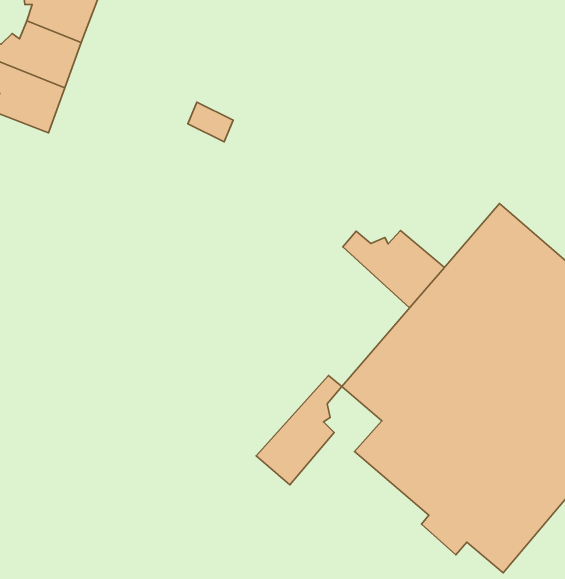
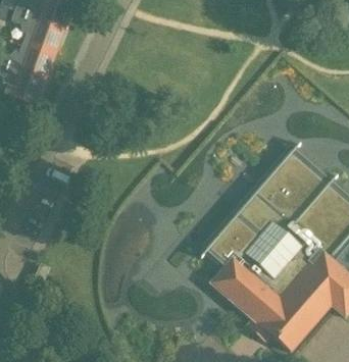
building: [343,231,444,308] -> none
building: [256,375,342,485] -> none

